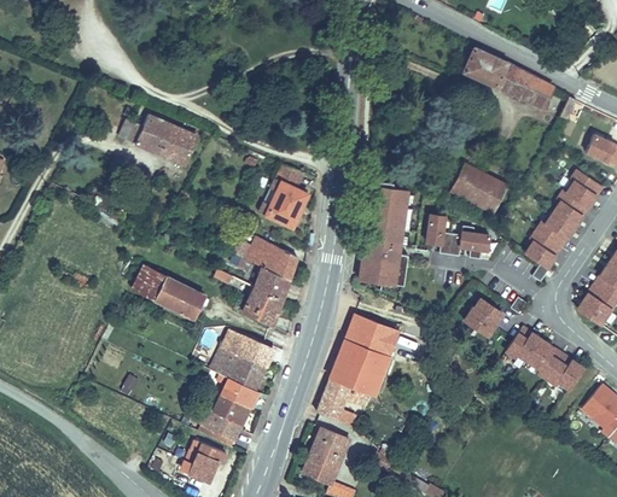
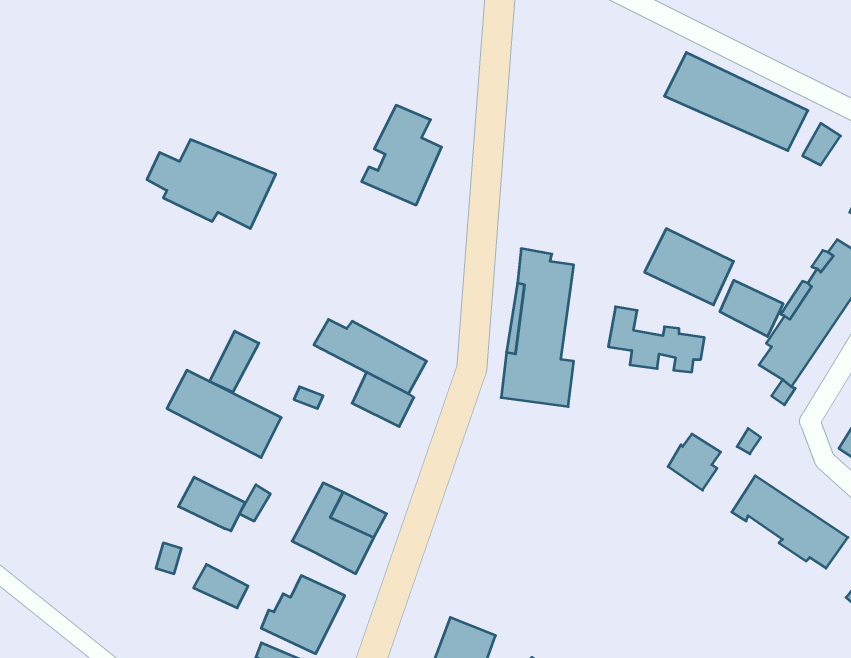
building: [261,160,314,227] -> [362,105,442,205]
building: none -> [720,280,783,337]
building: none -> [209,331,259,392]
building: [238,281,286,321] -> none
building: [316,309,401,417] -> none
building: none -> [178,477,245,531]
building: [221,380,257,409] -> [194,564,248,608]

